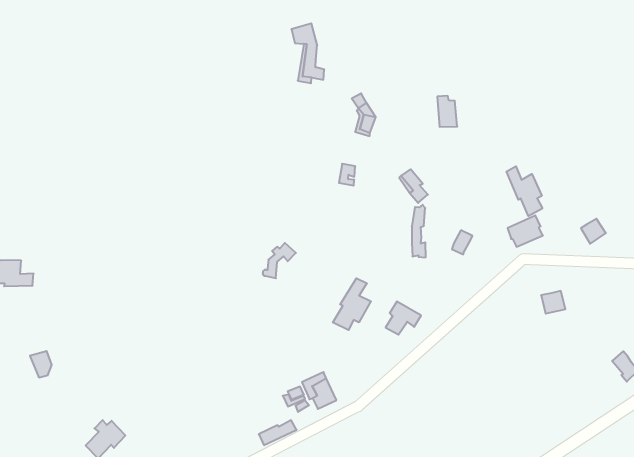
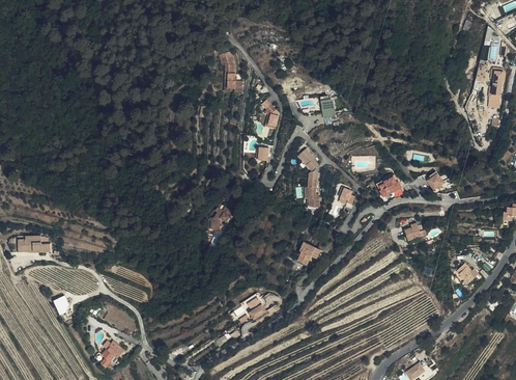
building: [507,166,542,216] -> none
building: [333,278,371,330] -> none

